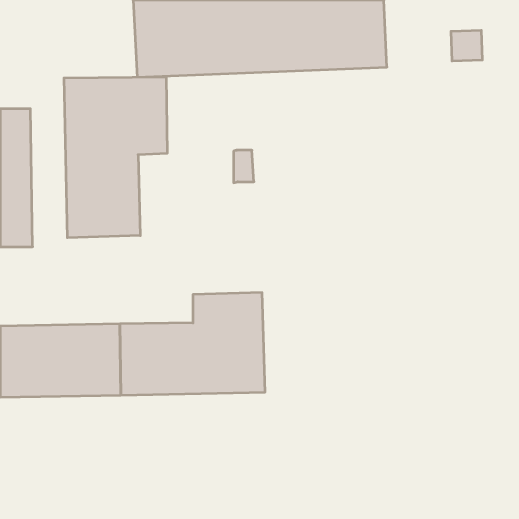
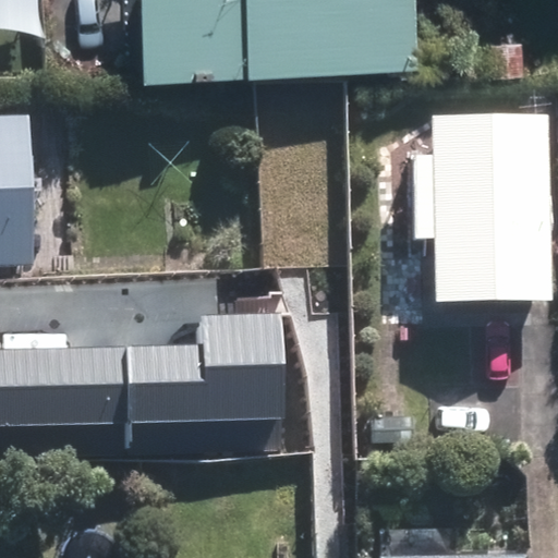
building: [64,77,167,238] -> none
building: none -> [399,110,541,298]

